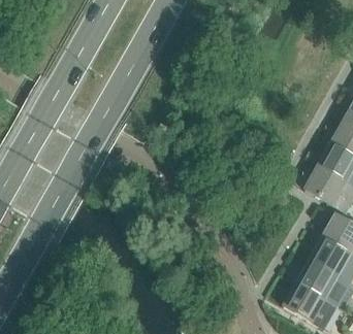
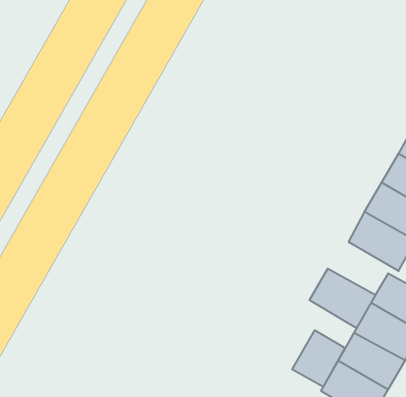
building: none -> [310,269,375,328]
building: none -> [292,330,345,387]

